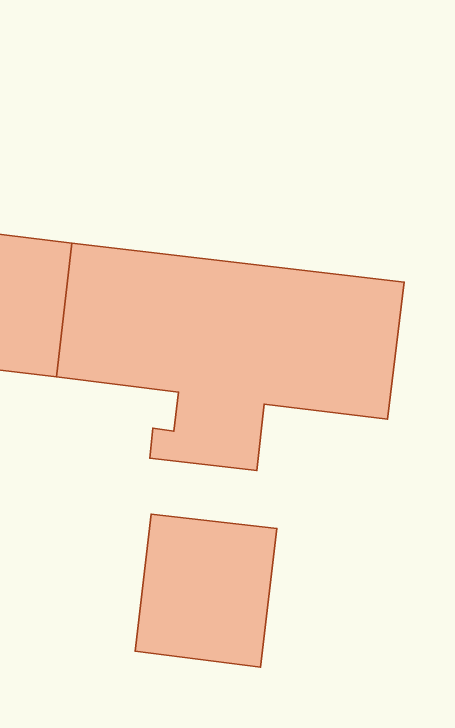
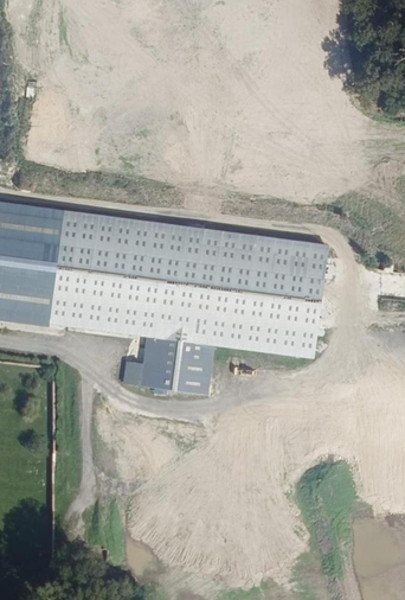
building: [135,514,277,667] -> none

